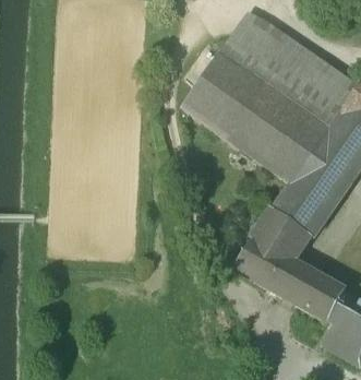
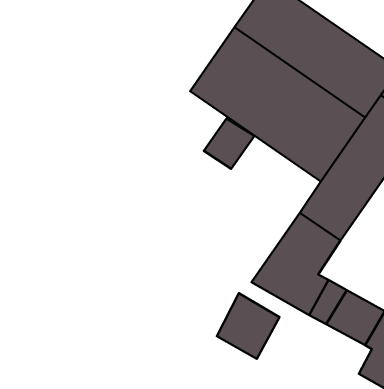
building: none -> [204,118,255,169]
building: none -> [217,293,280,359]

